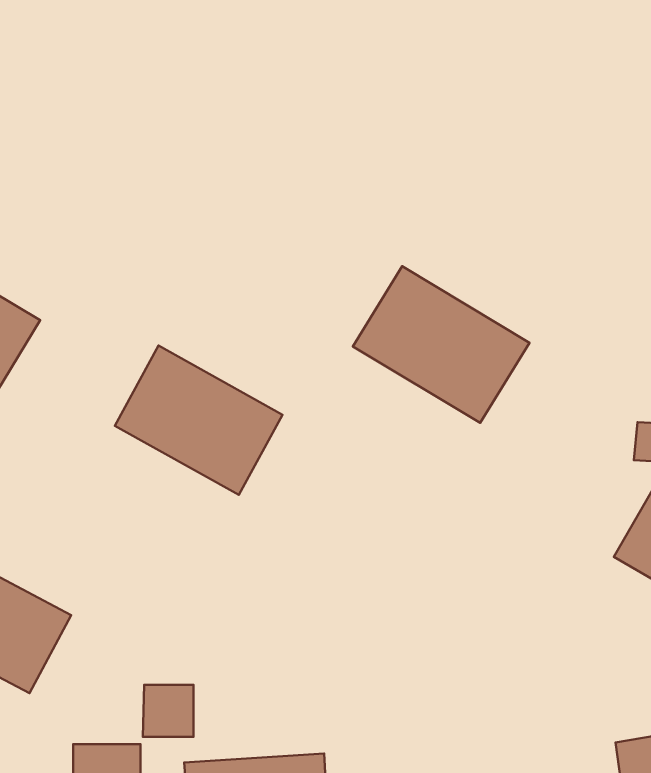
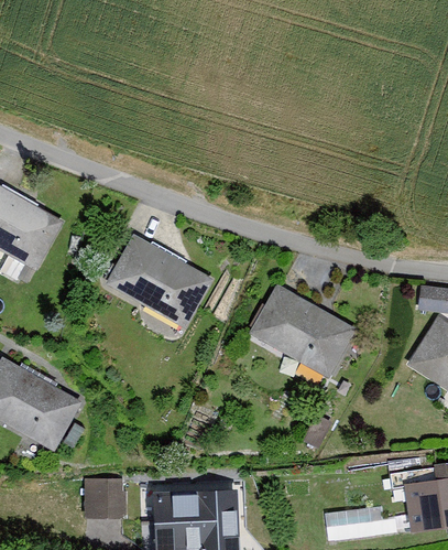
building: [353,266,529,423] -> [254,283,361,378]
building: [143,685,194,737] -> none

